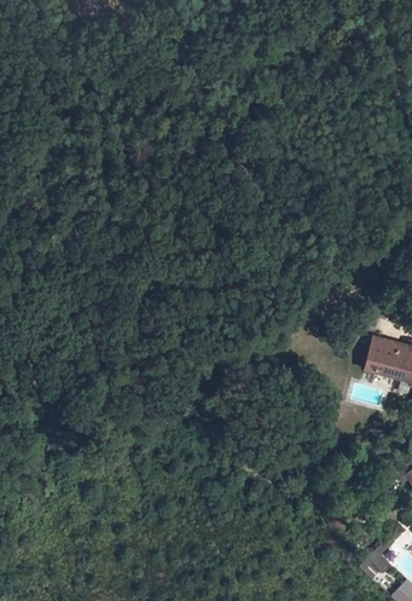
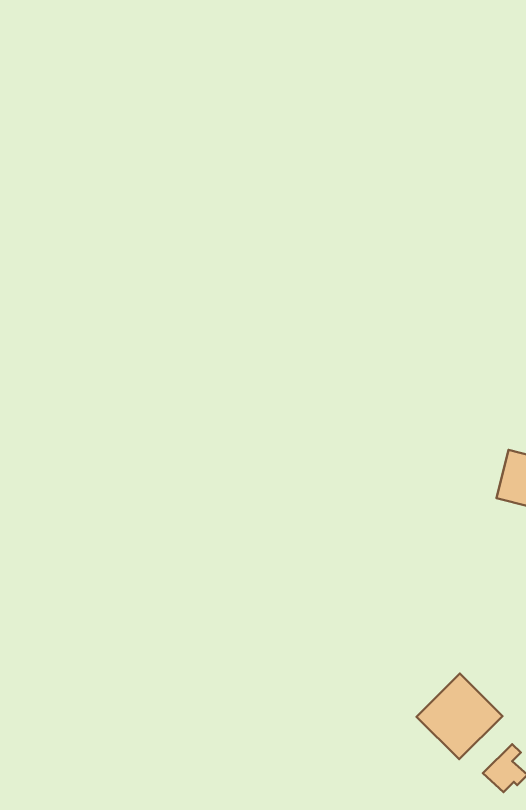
building: none -> [416,674,503,759]

